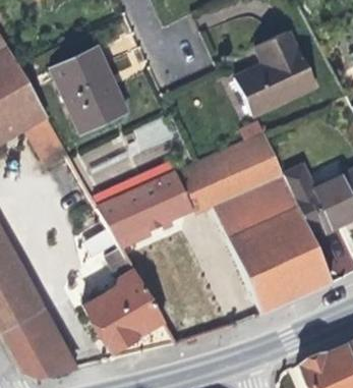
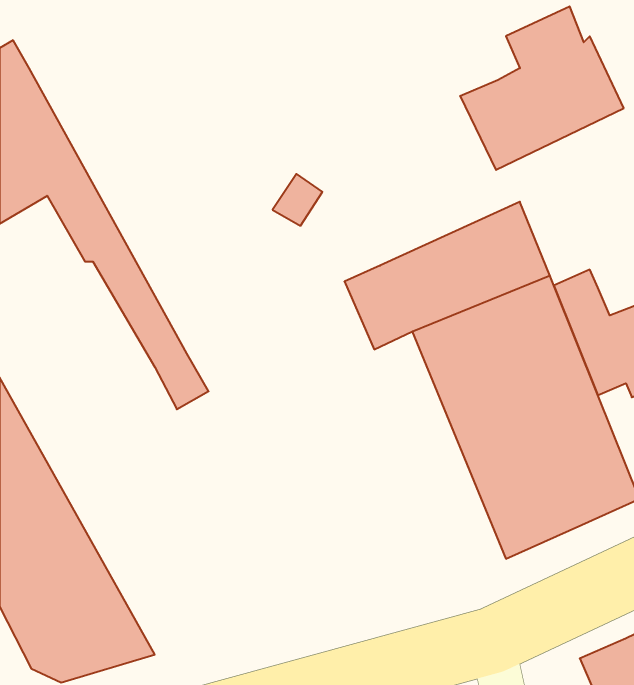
building: [52,51,129,135] -> none
building: [98,172,193,241] -> none
building: [82,257,162,353] -> none

